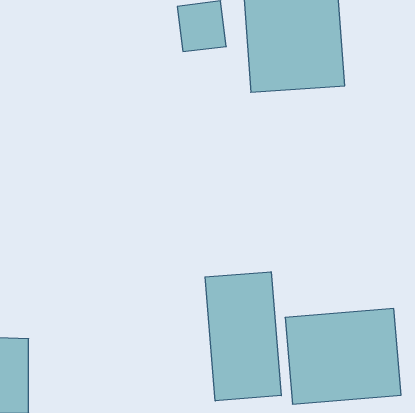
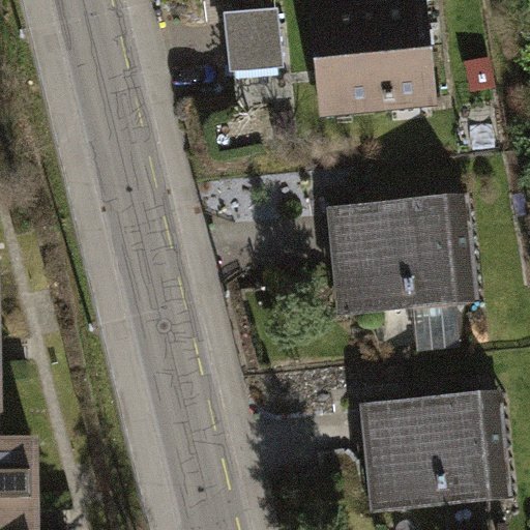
building: none -> [327,198,471,311]
building: [205,272,281,401] -> none

